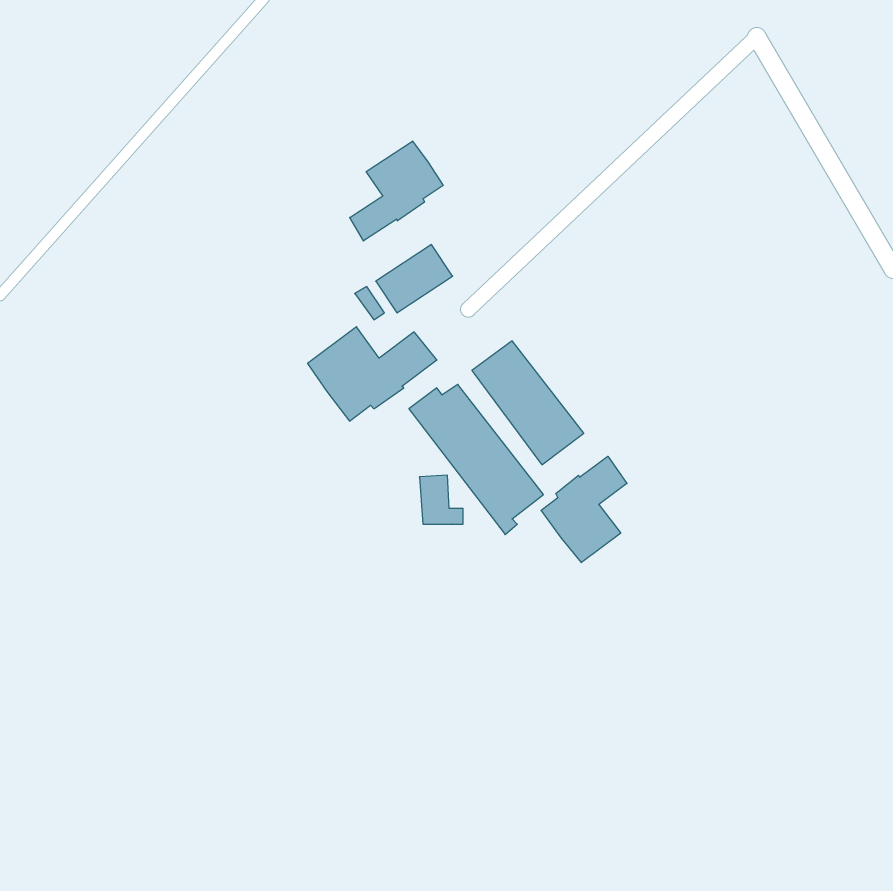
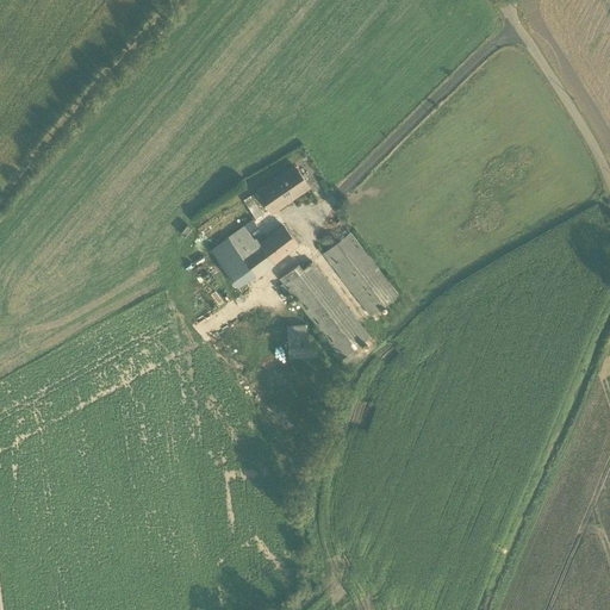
building: [350,141,443,241] -> none
building: [541,456,627,563] -> none

